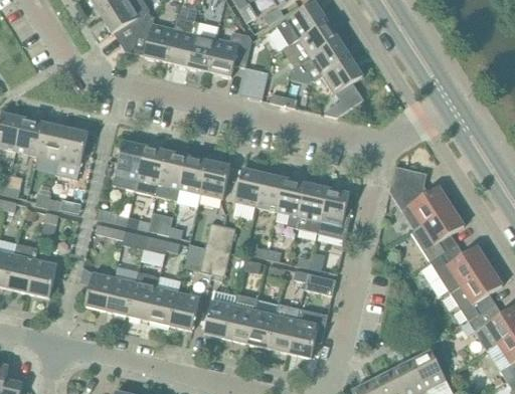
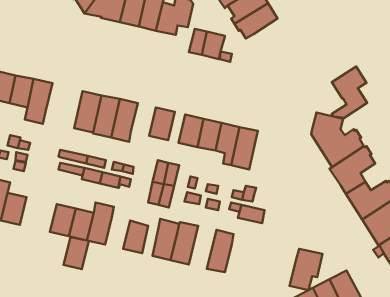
building: [322,56,363,117] -> [332,66,367,118]
building: [179,155,208,193] -> none
building: [317,187,352,238] -> none
building: [149,287,178,325] -> [64,237,89,269]
building: [246,298,279,348] -> none
building: [289,309,327,357] -> [290,249,322,290]

